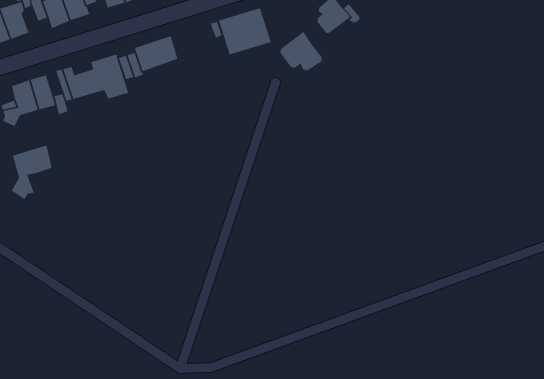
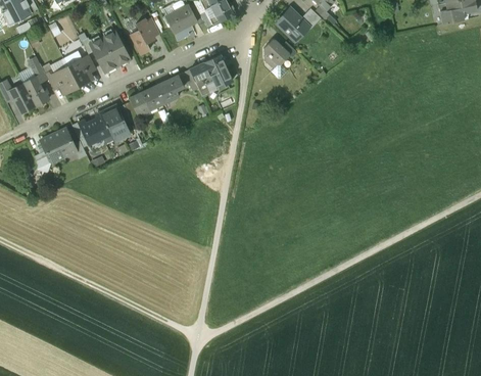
building: none -> [155,74,184,102]
building: [279,31,322,71] -> none
building: [11,145,53,200] -> none

